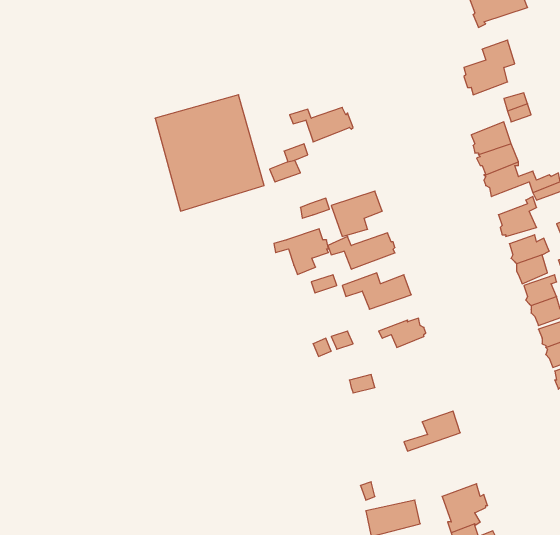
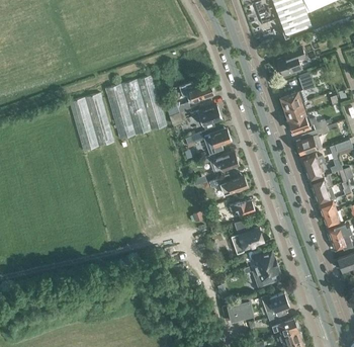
building: none -> [69,93,113,152]
building: [274,229,328,274] -> [192,106,223,132]
building: none -> [233,228,263,253]
building: none -> [246,264,279,286]

